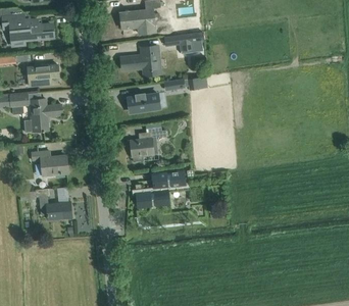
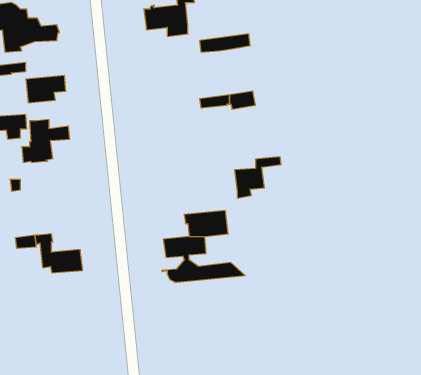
building: [121,46,160,75] -> none
building: [128,93,160,110] -> none
building: [131,130,167,162] -> [235,157,281,198]
building: [32,151,68,175] -> none

